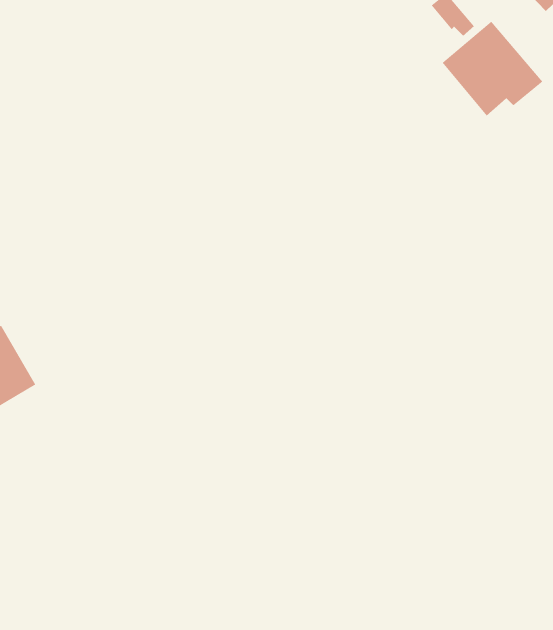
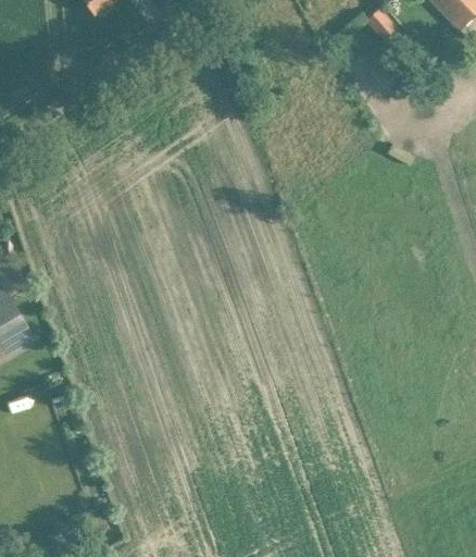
building: [442,21,543,116] -> none

